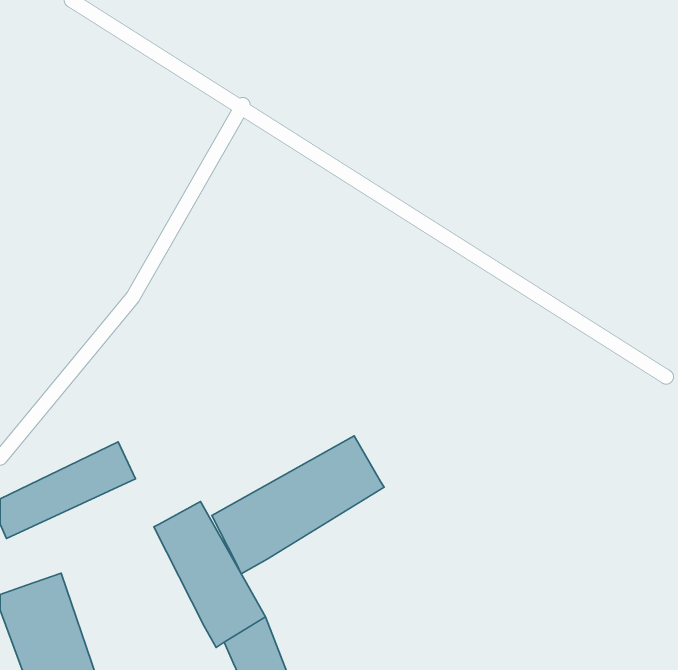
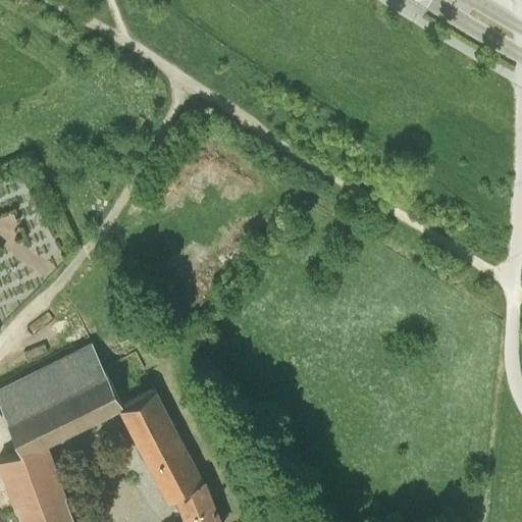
building: [212,436,384,574] -> none
building: none -> [5,374,122,456]

